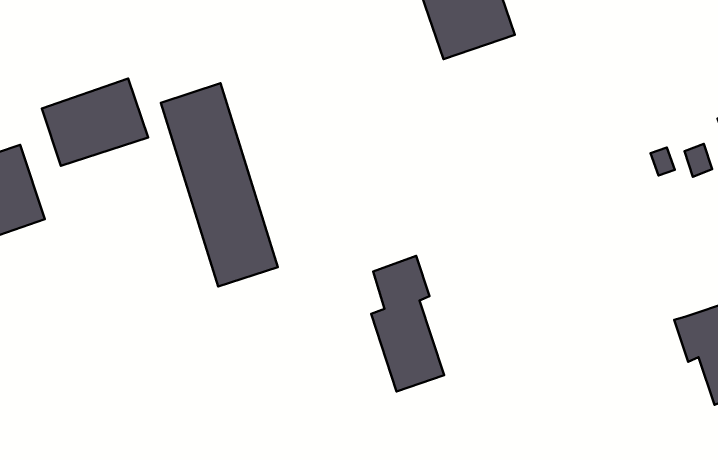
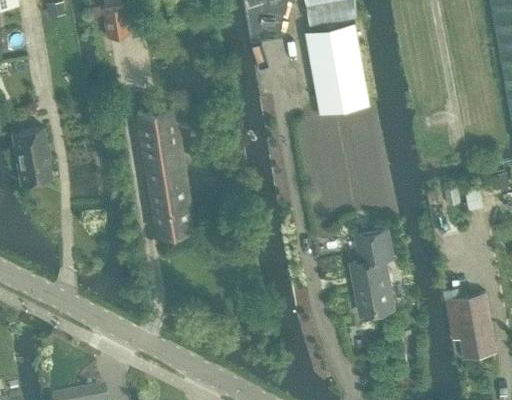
building: [42,78,148,166] -> none
building: [371,256,444,391] -> [352,229,393,314]

